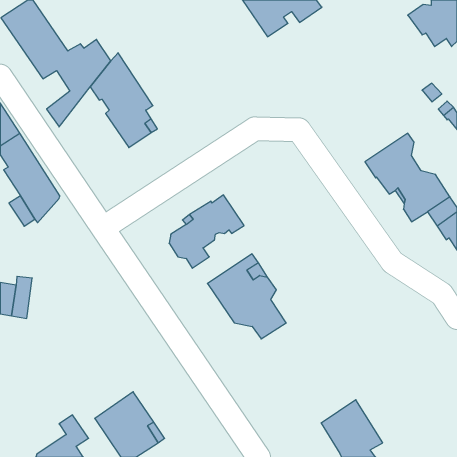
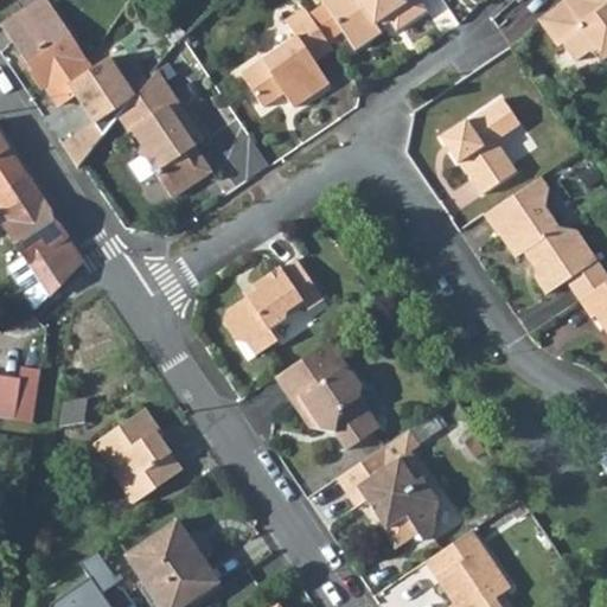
building: none -> [241,7,333,107]
building: none -> [440,98,520,194]
building: none -> [92,408,181,503]
building: none -> [337,428,437,547]

